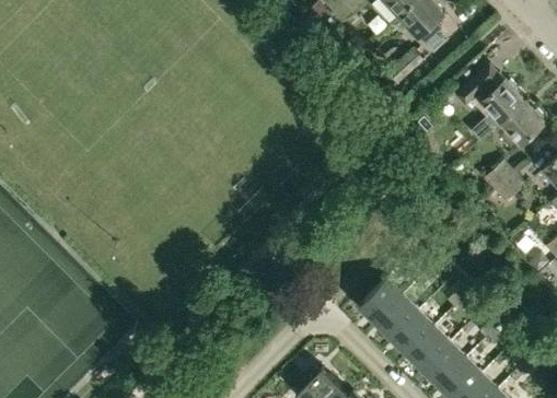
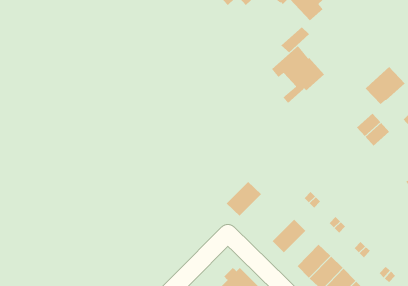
building: [455,65,523,139] -> [271,45,325,104]
building: [357,279,403,324] -> [226,181,262,216]
building: [390,311,433,355] -> none

